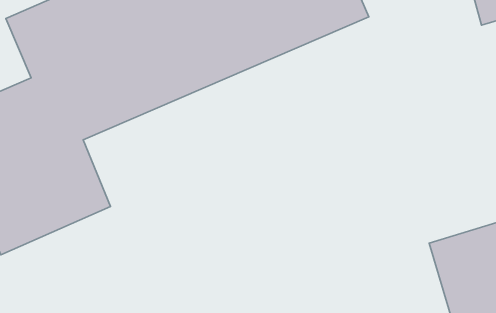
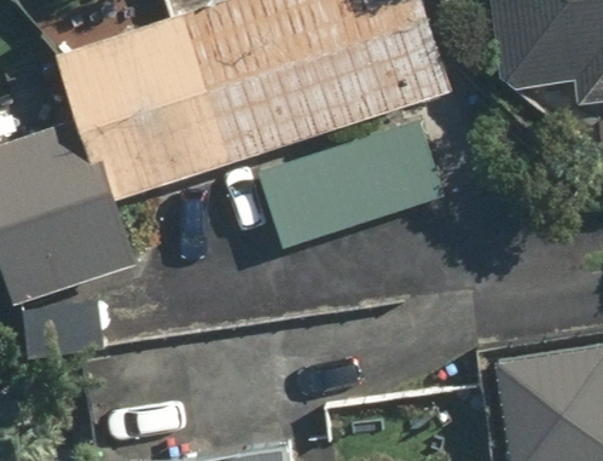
building: none -> [257,131,437,252]

